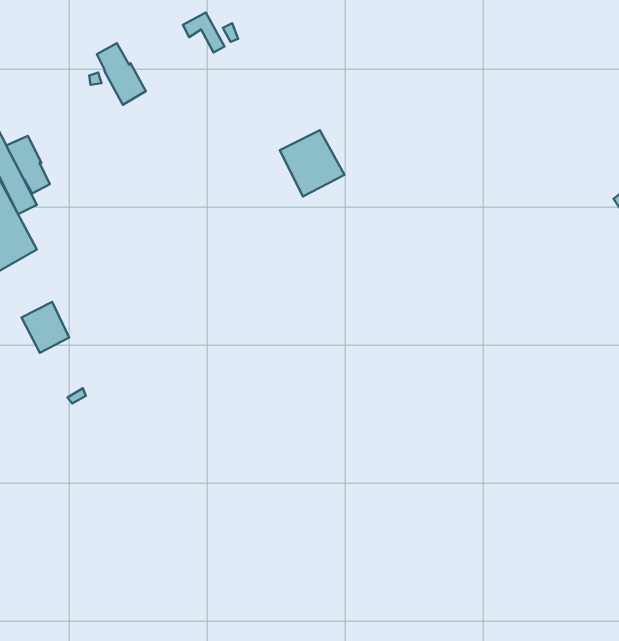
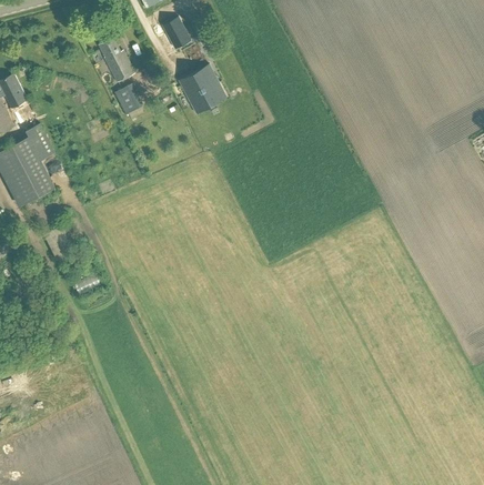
building: none -> [114,82,143,113]
building: [280,130,344,196] -> [179,64,225,112]
building: [6,136,50,193] -> none

